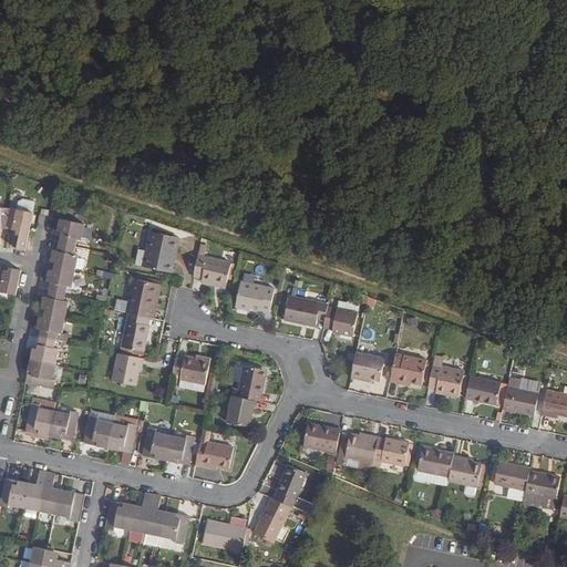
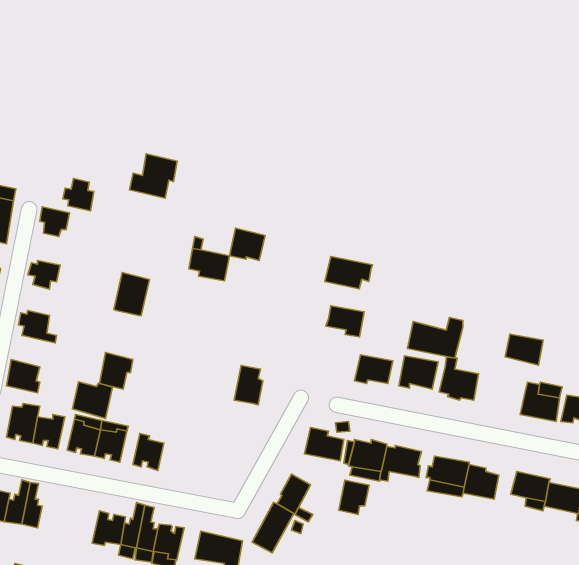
building: [134,229,178,270] -> [129,154,177,198]
building: [49,240,78,270] -> [63,178,94,211]
building: [241,281,275,311] -> [229,228,265,261]
building: [40,288,68,317] -> none
building: [282,297,327,327] -> [325,257,372,289]
building: [118,312,147,351] -> none
building: none -> [407,317,463,358]
building: [29,336,58,364] -> none
building: [171,355,207,383] -> none
building: [466,377,502,405] -> [505,334,543,365]
building: none -> [72,382,112,418]
building: [226,394,254,426] -> none
building: [195,427,234,468] -> none
building: [165,434,195,465] -> none
building: none -> [339,480,369,514]
building: [53,488,83,523] -> none

